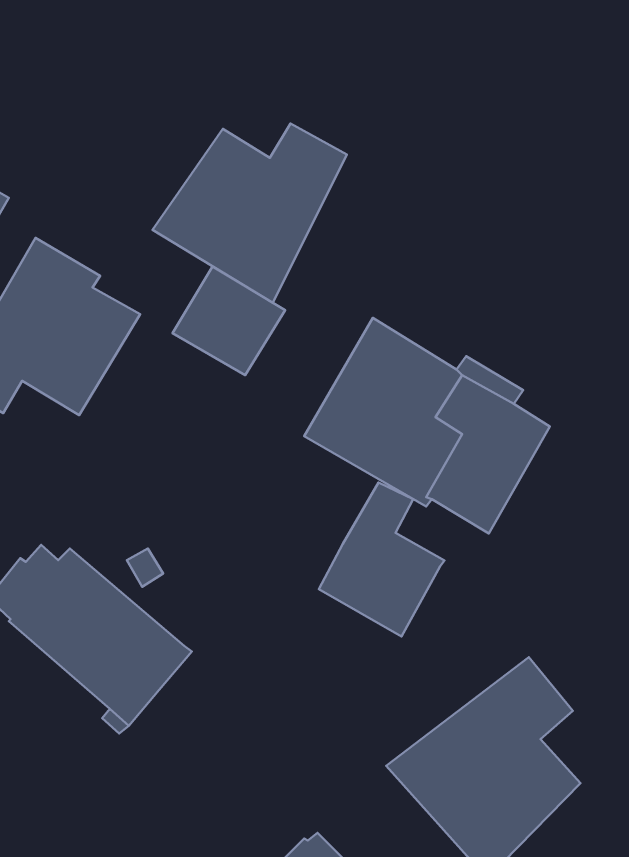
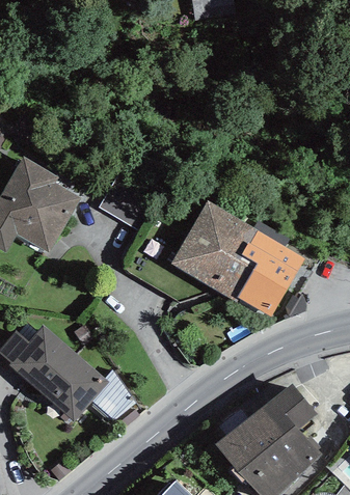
building: [153,123,347,303] -> none
building: [319,483,444,636] -> none
building: none -> [90,370,136,421]

